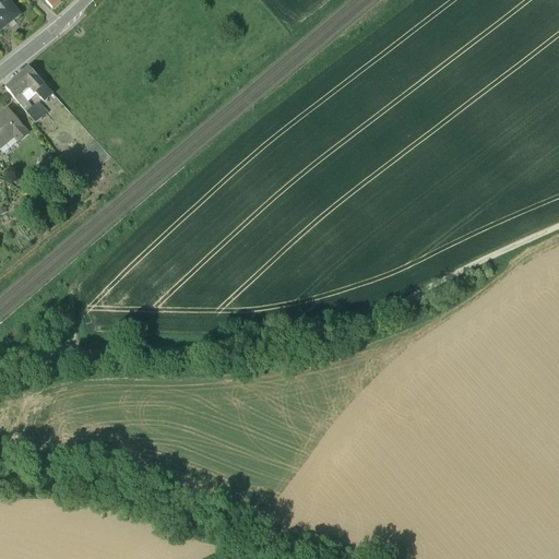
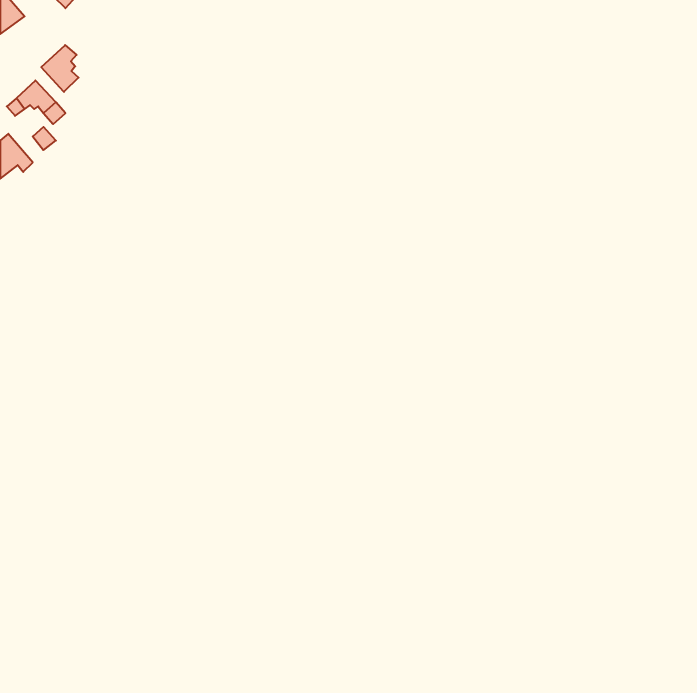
building: none -> [41,45,79,92]

